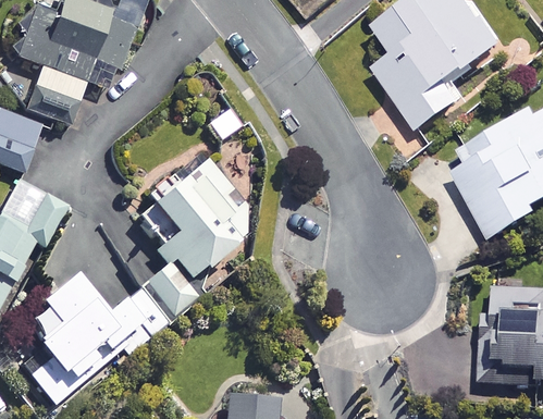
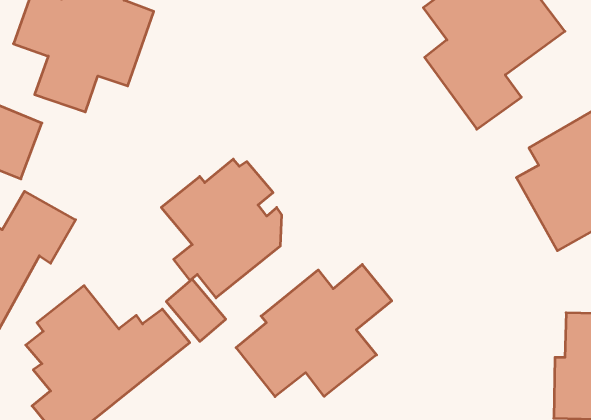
building: none -> [236,264,392,397]

